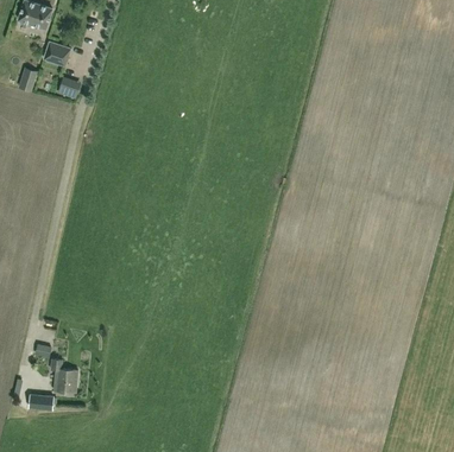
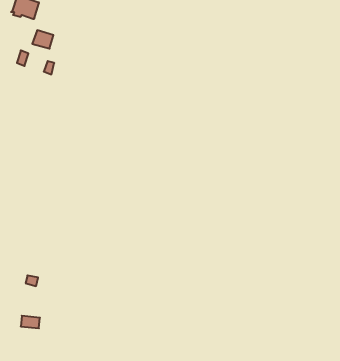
building: [51,359,78,393] -> none

